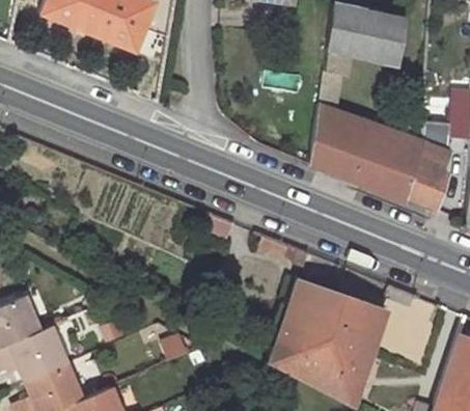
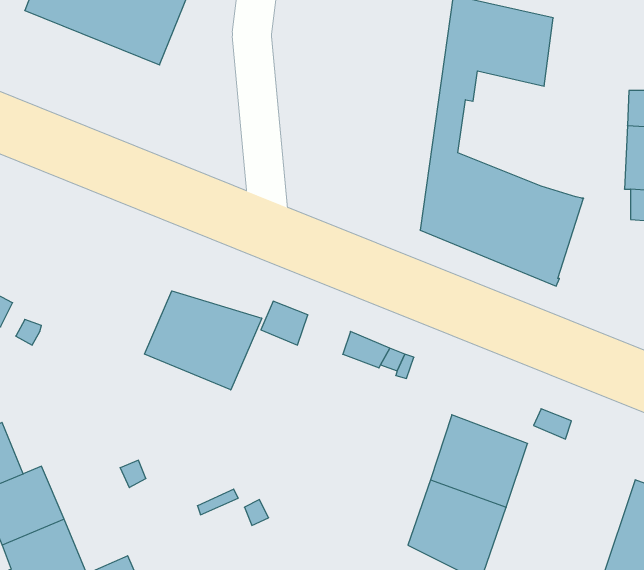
building: [407,122,451,210] -> none
building: none -> [145,291,262,390]
building: [269,278,334,380] -> none

